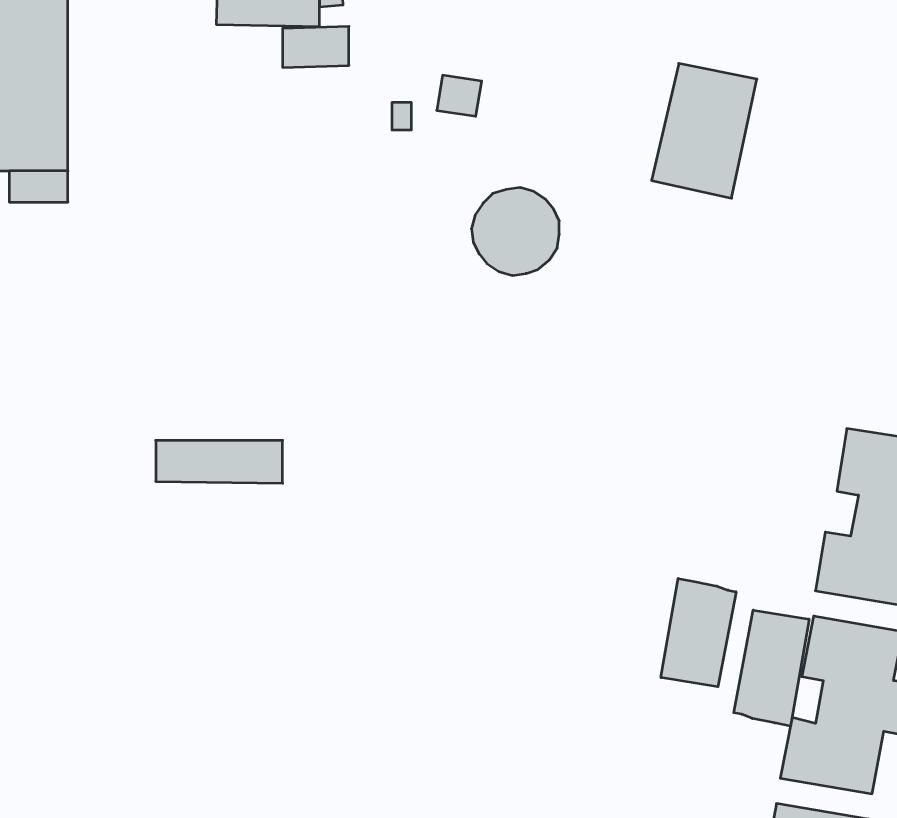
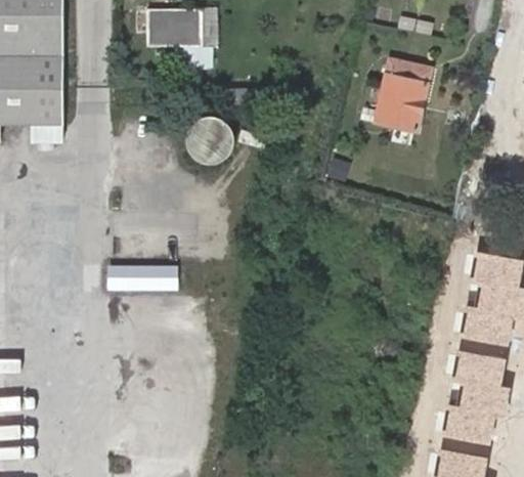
building: [471,188,559,275] -> [190,114,236,160]
building: [661,578,736,687] -> none
building: [734,610,809,726] -> none

